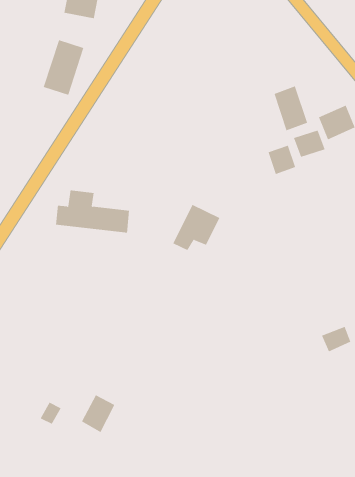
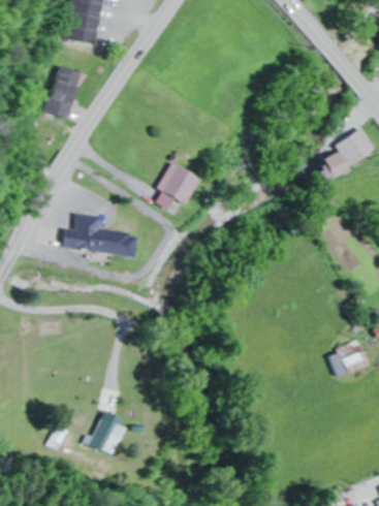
building: [274,85,308,131] -> none
building: [268,145,296,175] -> none
building: [172,204,220,251] -> [153,163,200,210]

